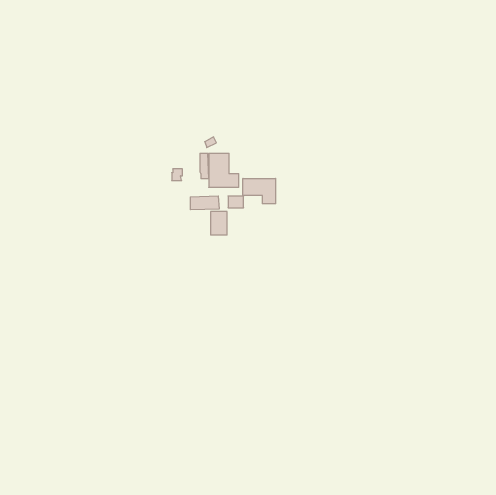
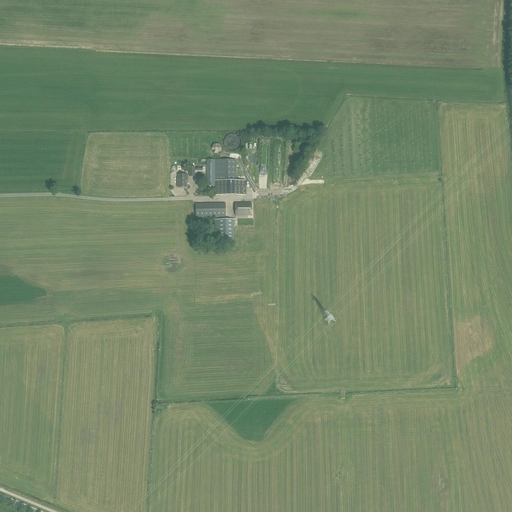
building: [243,178,276,204] -> none

